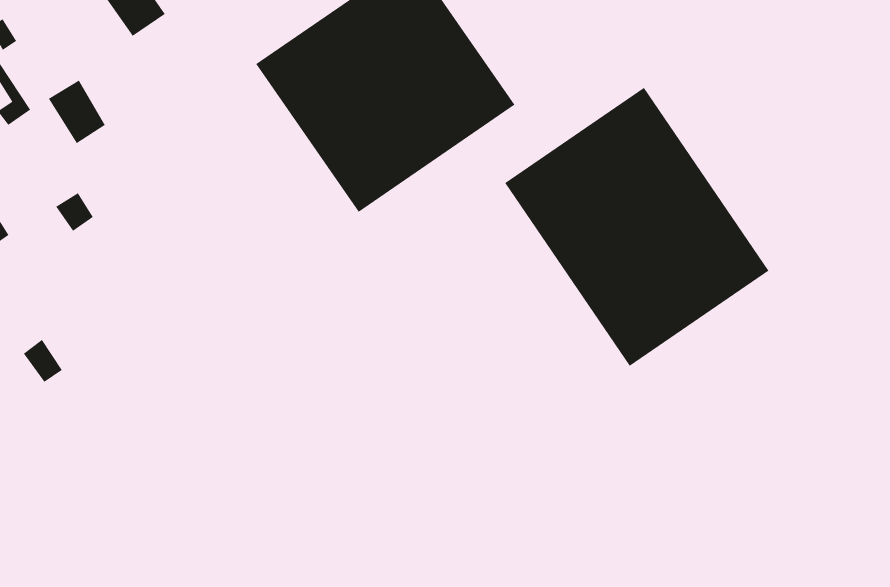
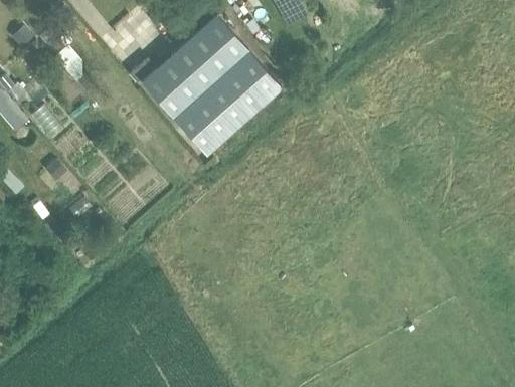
building: [504,87,770,367] -> none

